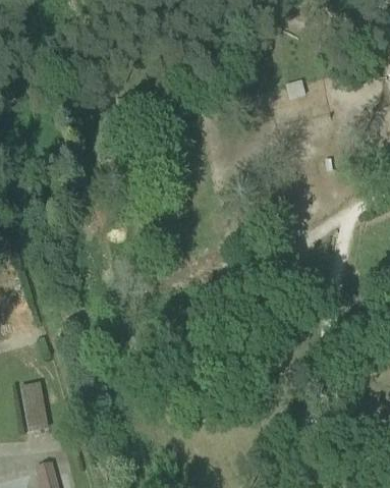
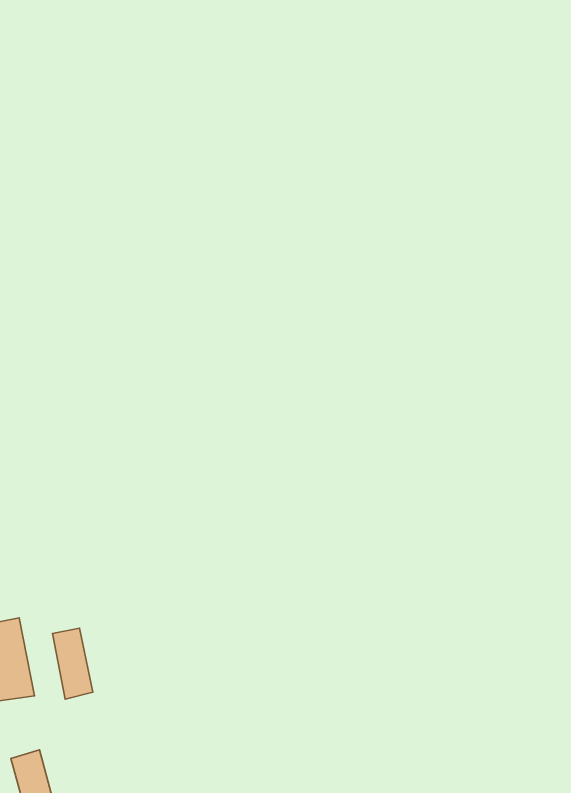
building: none -> [52,628,93,699]

